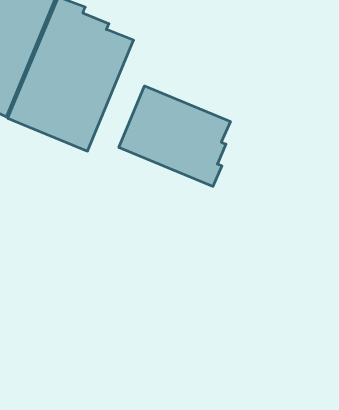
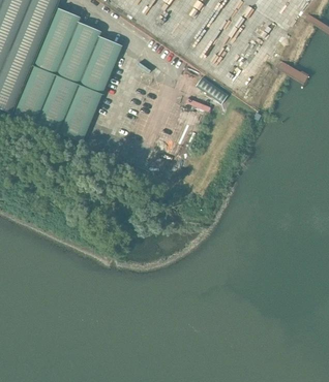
building: [119,86,230,186] -> none

